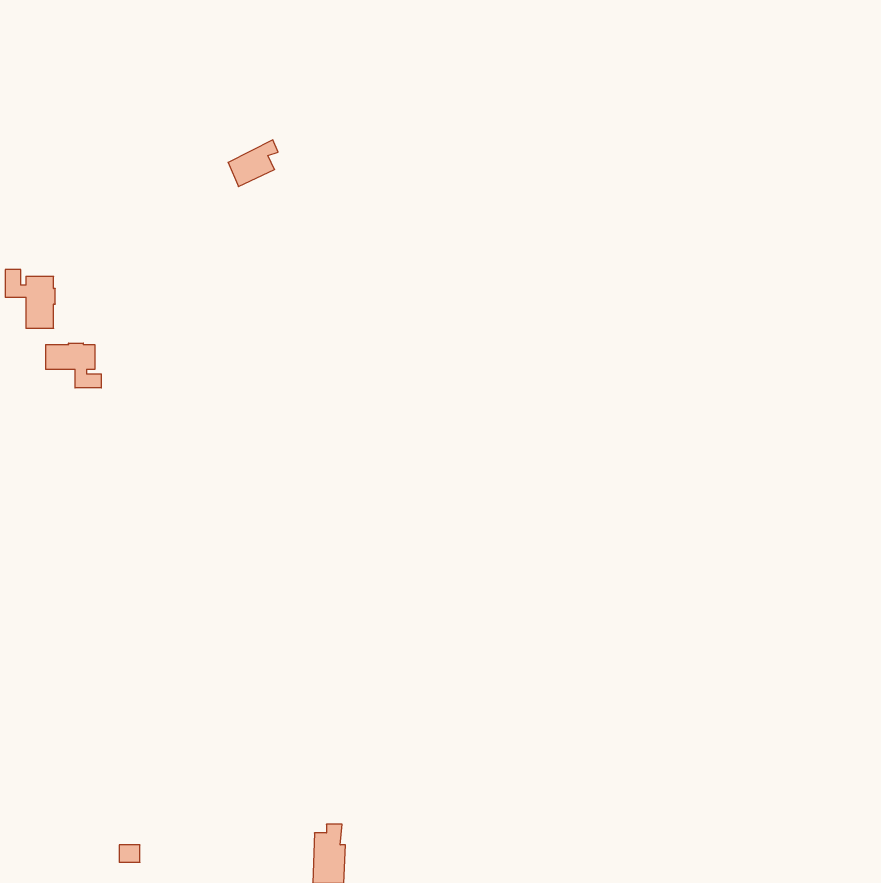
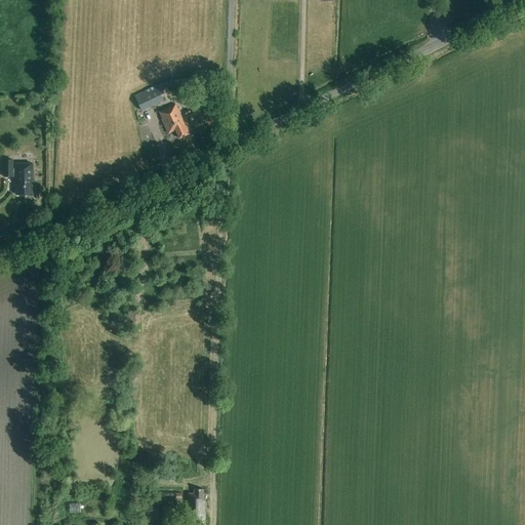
building: none -> [160,105,189,138]
building: [46,343,101,388] -> none

